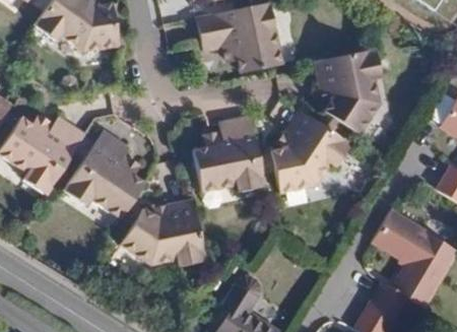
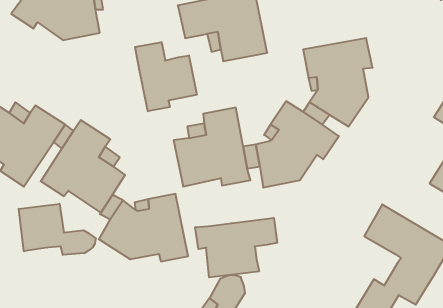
building: none -> [135,42,197,111]
building: none -> [19,204,96,255]
building: none -> [195,218,277,277]

